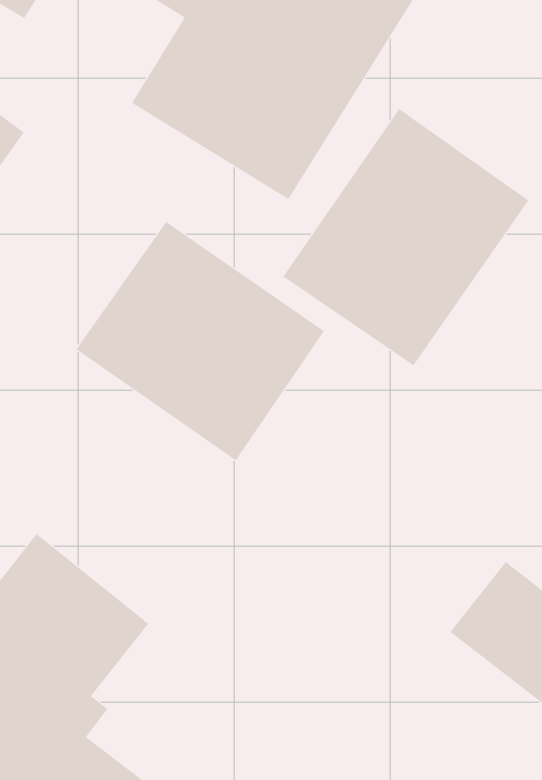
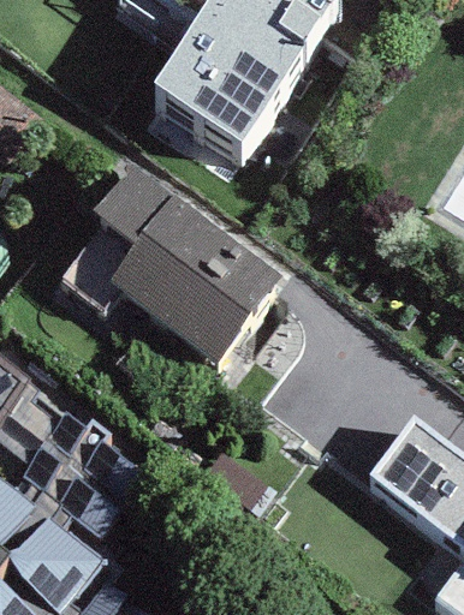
building: [282,108,529,366] -> none

